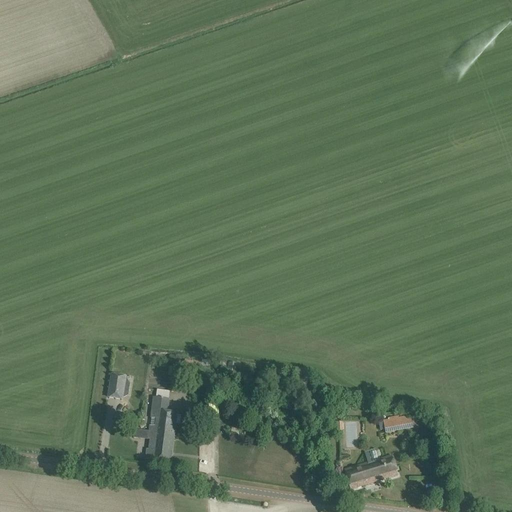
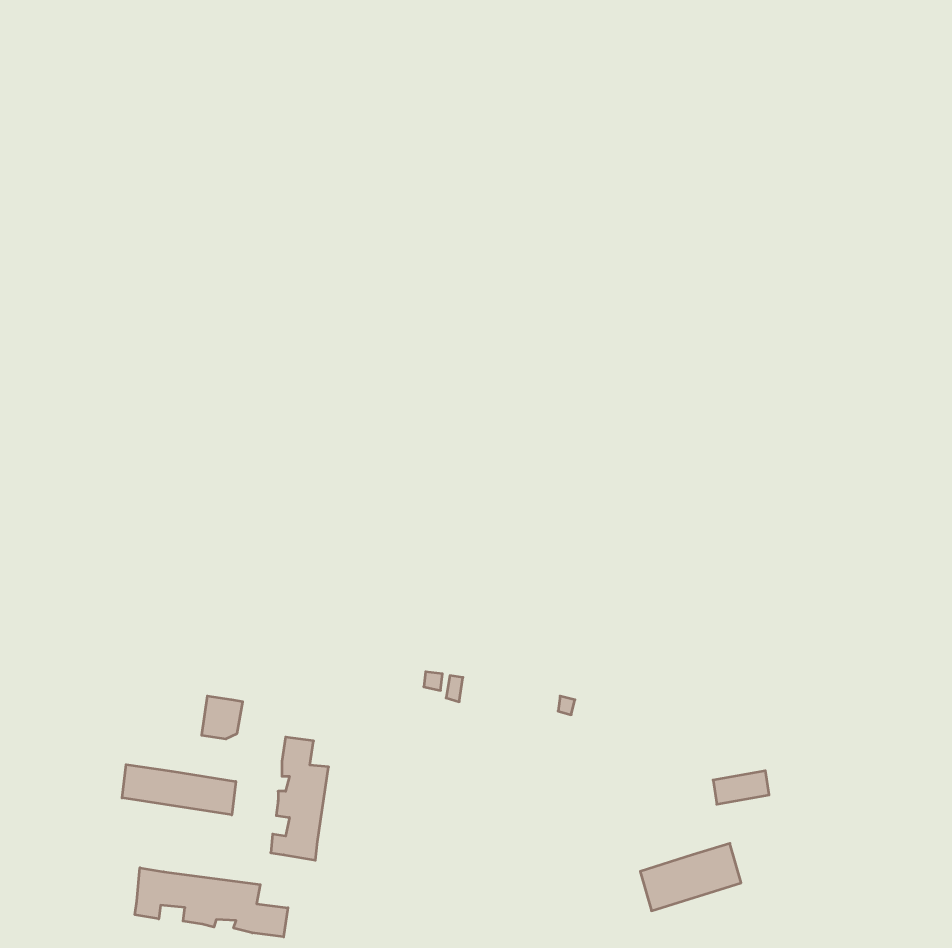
building: none -> [122,765,236,815]
building: none -> [135,868,288,937]

